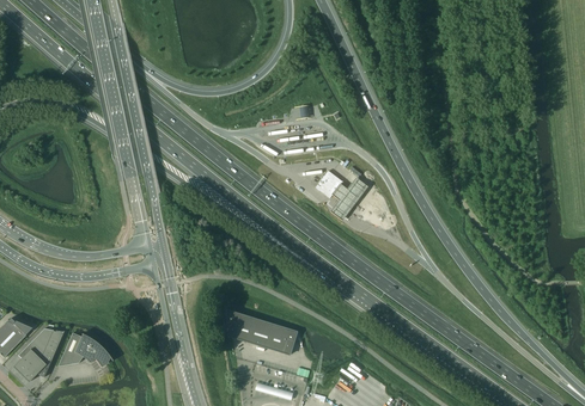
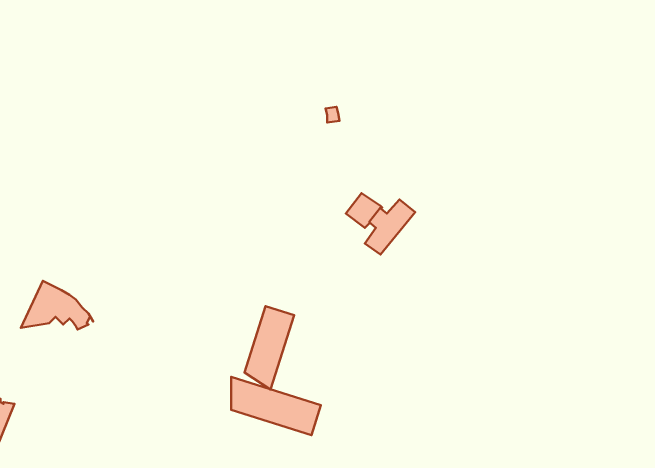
building: none -> [244,306,294,389]
building: [57,330,112,367] -> [21,281,93,329]

